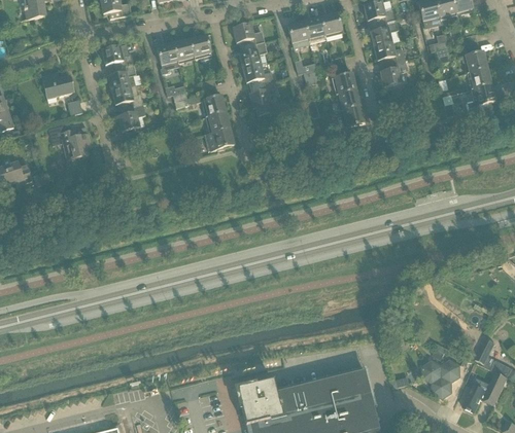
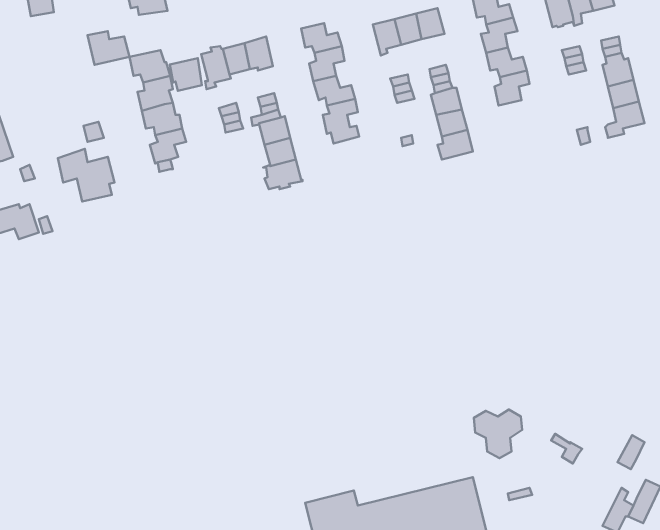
building: none -> [170,58,202,91]
building: [41,73,73,99] -> [88,31,130,65]
building: [422,361,459,398] -> [474,410,522,458]

